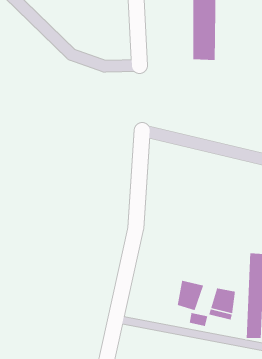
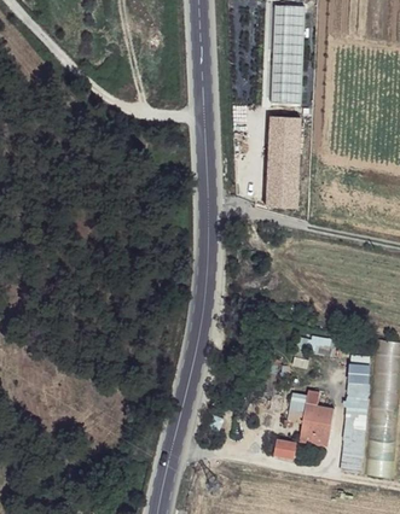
building: none -> [267,116,302,209]
building: [177,280,204,311] -> none

